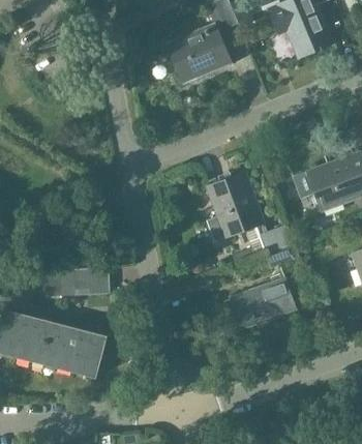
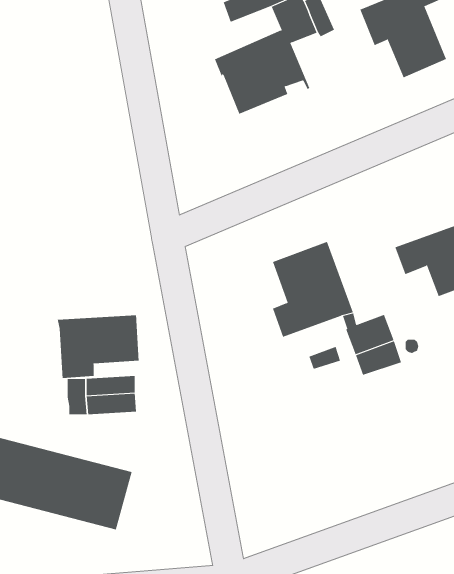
building: none -> [57,314,139,379]
building: [230,278,295,328] -> none

